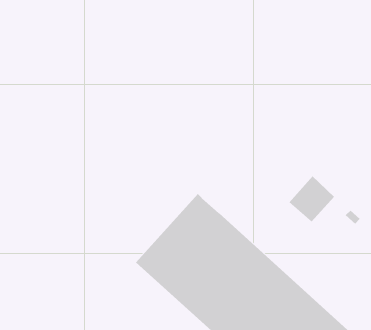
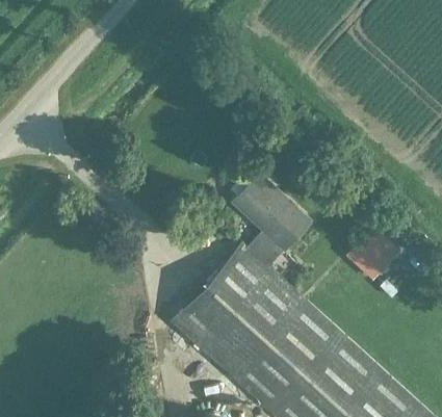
building: none -> [233,176,309,267]

